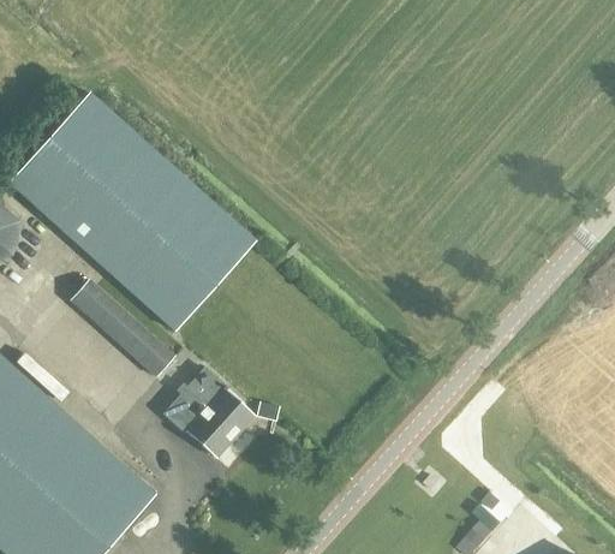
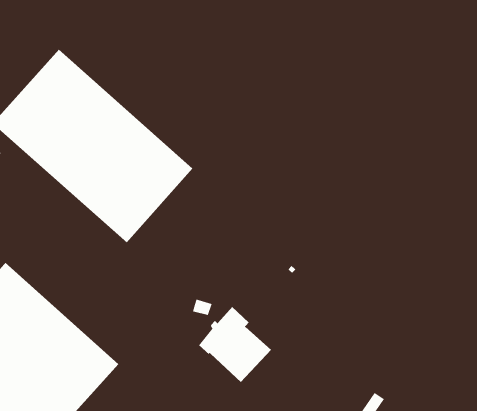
building: [70,281,173,377] -> none
building: [162,365,253,460] -> [198,306,272,383]

